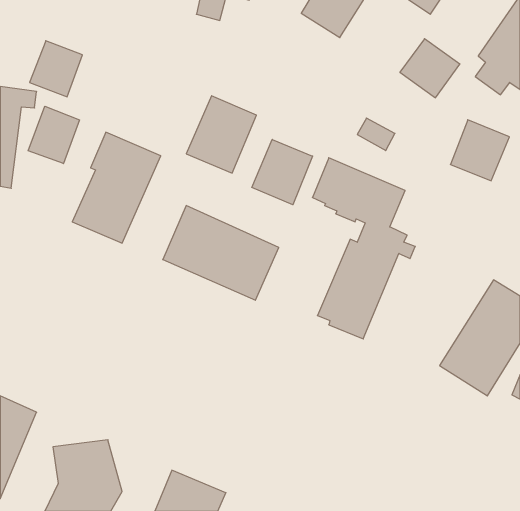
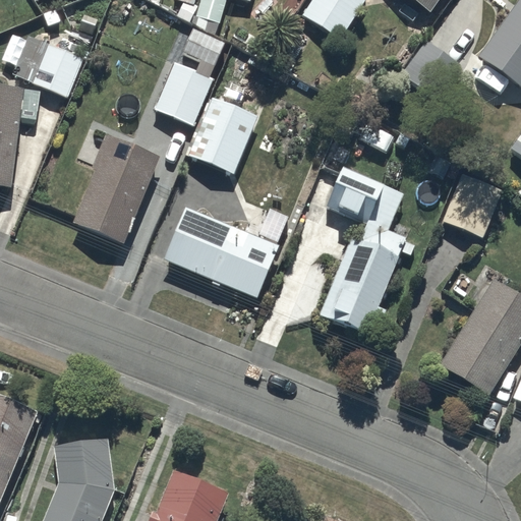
building: none -> [153,26,226,125]
building: [28,106,80,164] -> none
building: [450,120,509,181] -> [441,174,500,235]
building: [252,139,313,205] -> none

